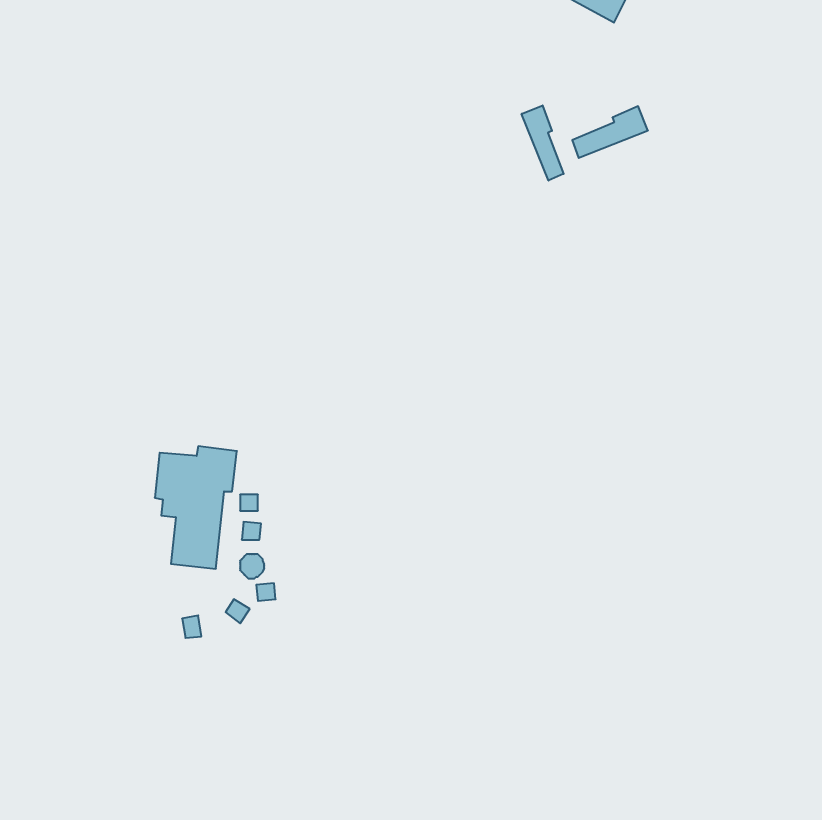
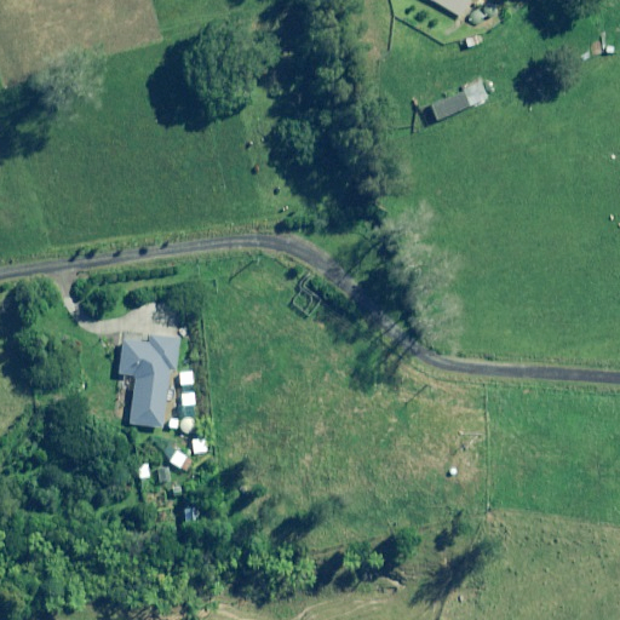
building: [522,105,564,181] -> none

